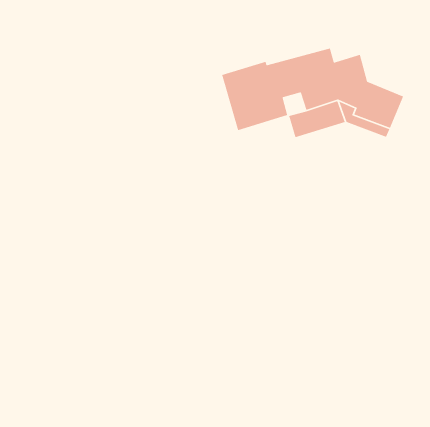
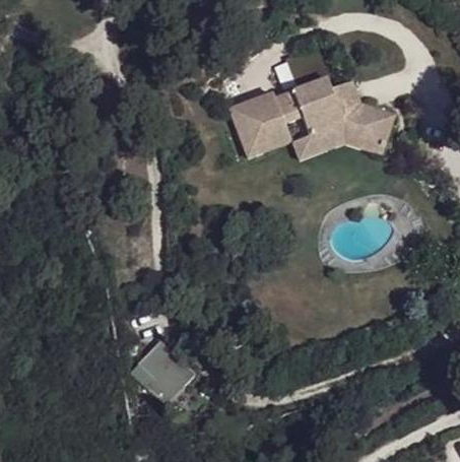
building: none -> [133,338,190,402]

